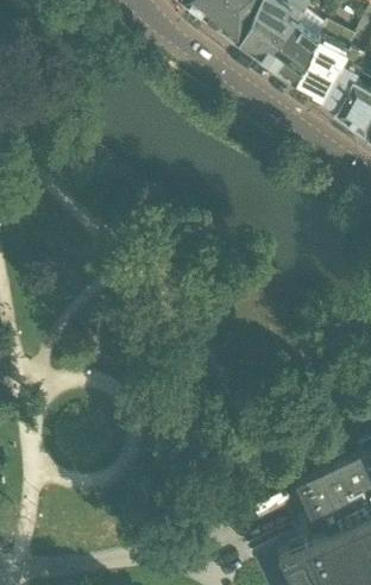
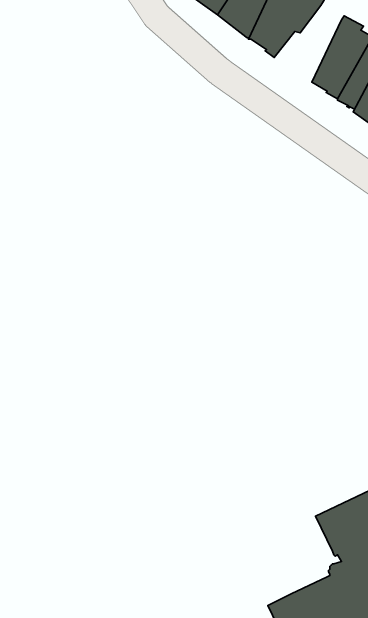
building: [260,14,322,84] -> none

